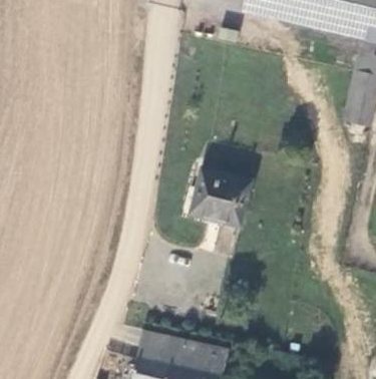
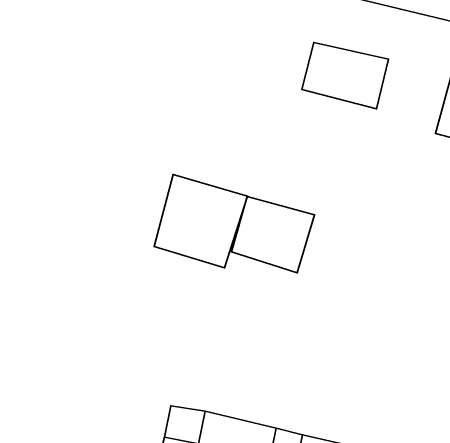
building: none -> [302,42,388,109]
building: none -> [154,174,247,268]

